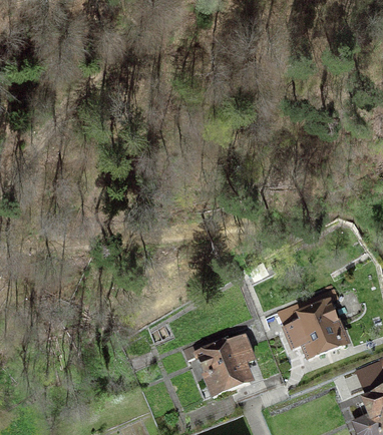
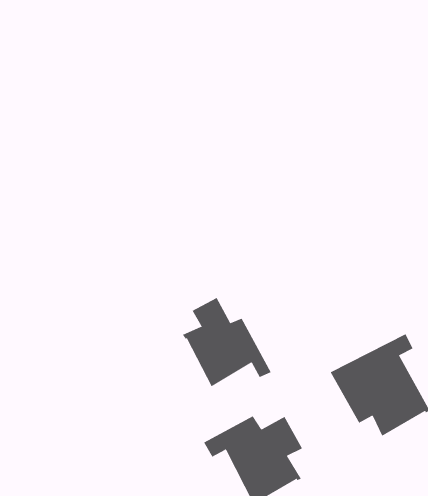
building: none -> [182,297,272,387]

